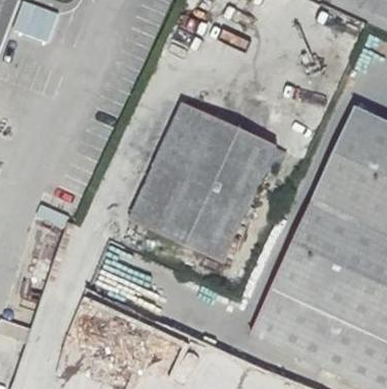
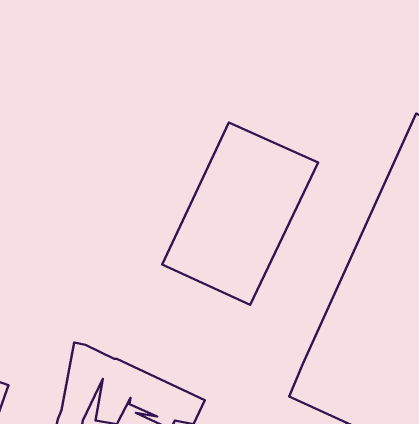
building: [127,102,205,228] -> none

